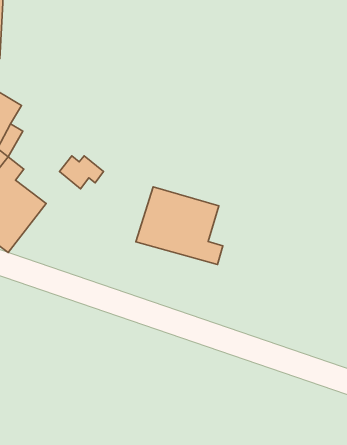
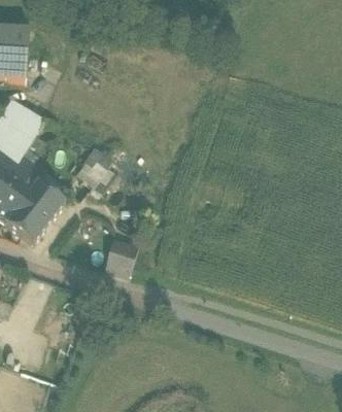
building: [136,187,223,265] -> none
building: none -> [104,238,138,277]

